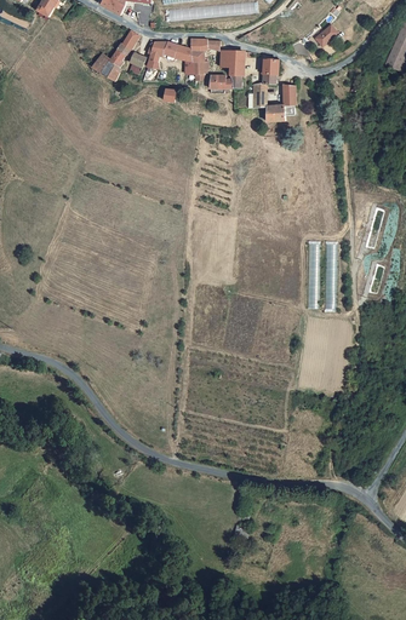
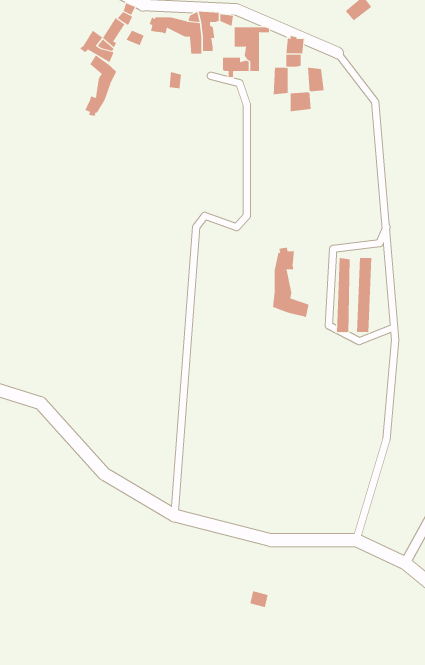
building: none -> [84,55,117,116]
building: none -> [273,247,309,318]

